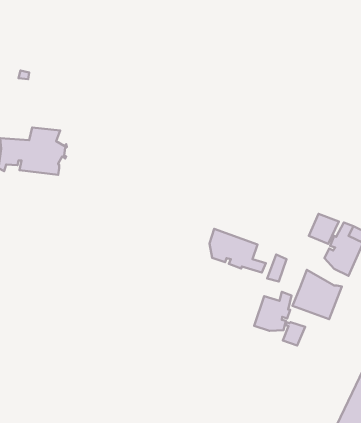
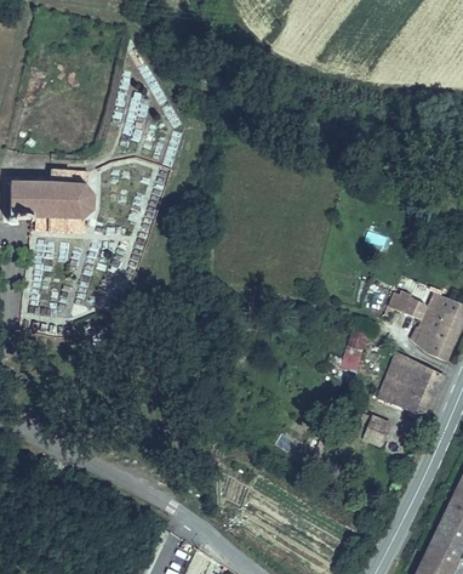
building: [209,229,266,273] -> none
building: [254,292,292,331] -> none

